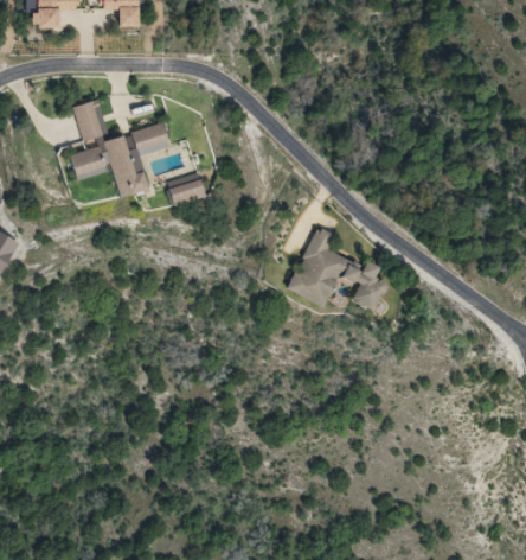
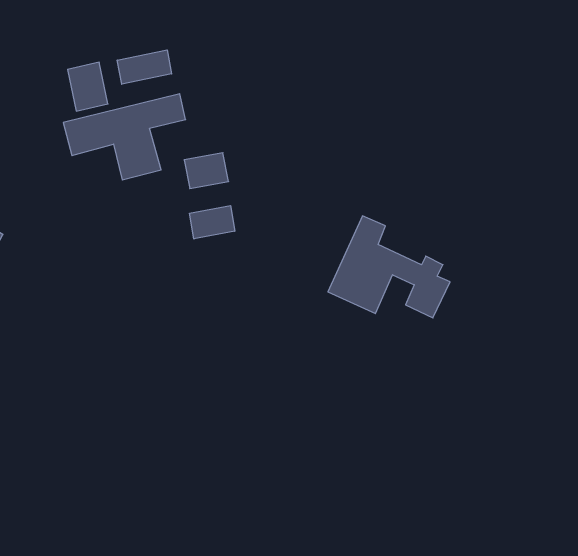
building: none -> [117,50,172,84]
building: none -> [190,206,235,239]

